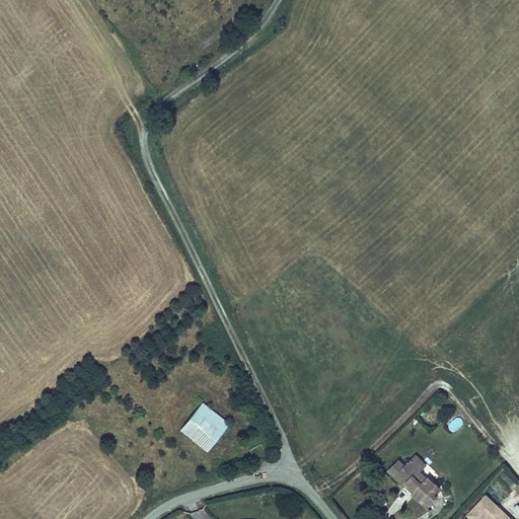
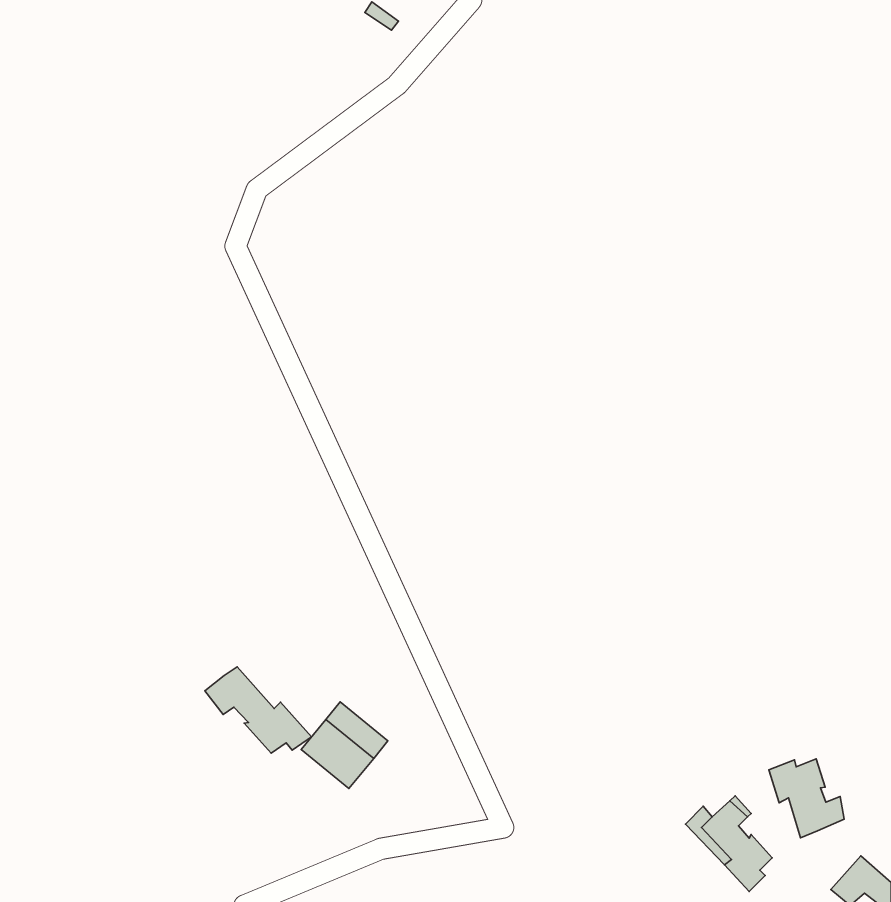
building: none -> [205,667,312,753]
building: none -> [769,759,844,838]

